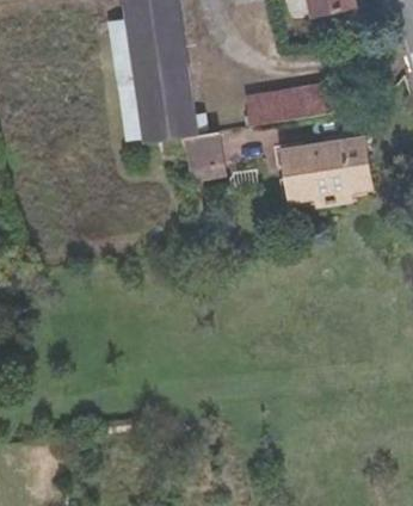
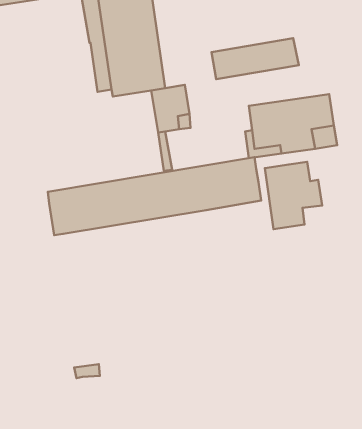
building: none -> [48,157,261,235]
building: none -> [265,162,322,229]

